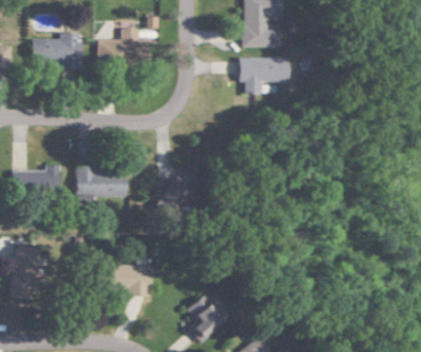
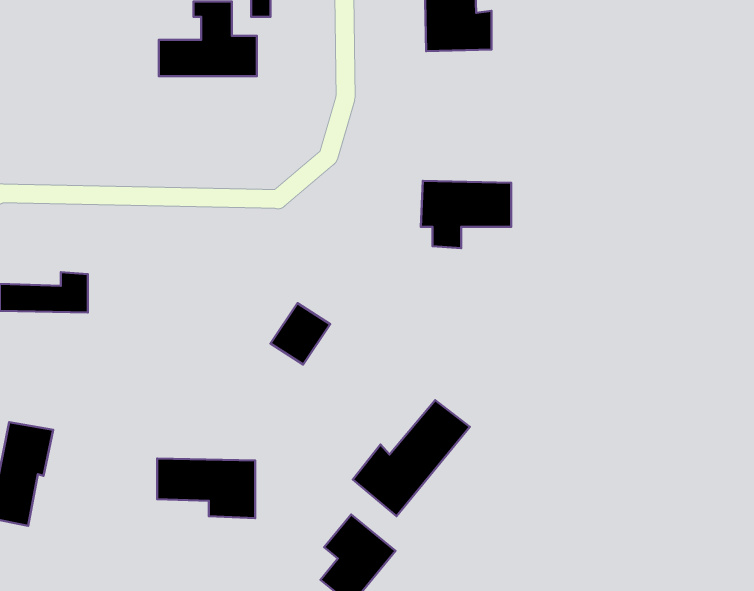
building: [33,33,82,65] -> none
building: [237,56,285,92] -> [421,181,511,248]
building: [77,168,127,200] -> none
building: none -> [353,400,470,516]

